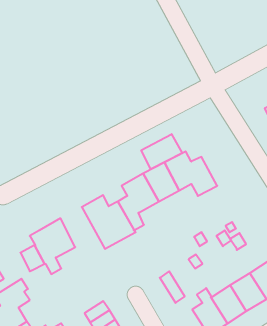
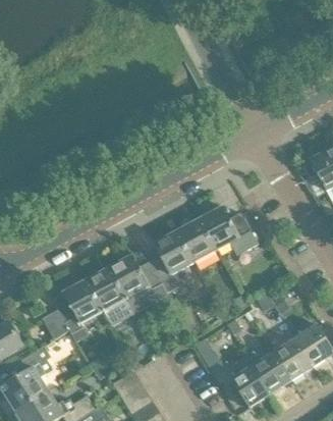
building: [141,134,182,169] -> none
building: none -> [86,267,134,325]

